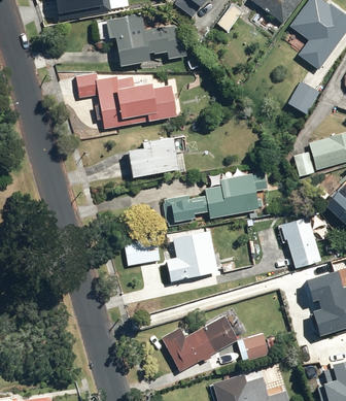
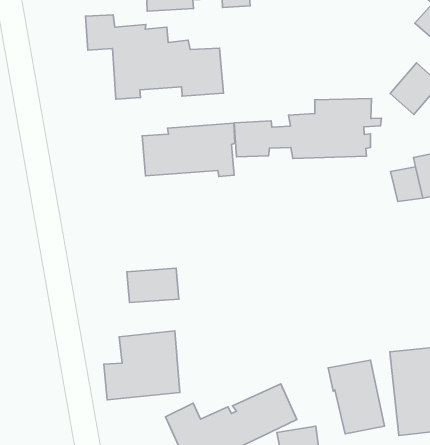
building: [167,172,266,222] -> [234,99,381,159]
building: [279,216,321,268] -> [328,360,384,434]
building: [163,231,216,282] -> [104,331,180,400]

